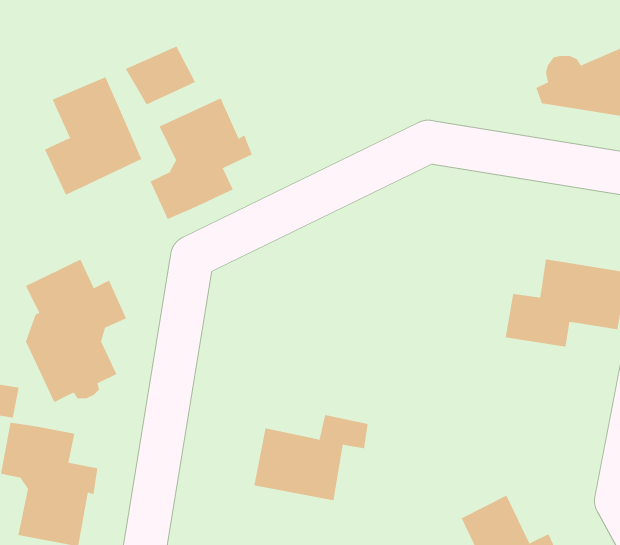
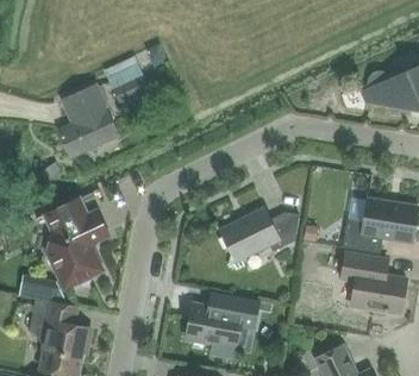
building: [150,98,252,220] -> none
building: none -> [219,206,300,269]
building: none -> [342,252,407,313]

